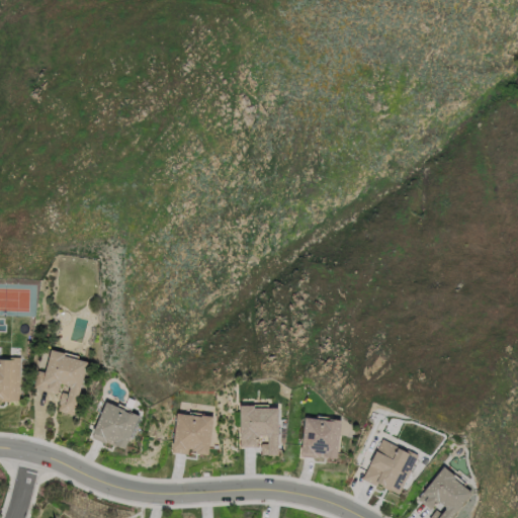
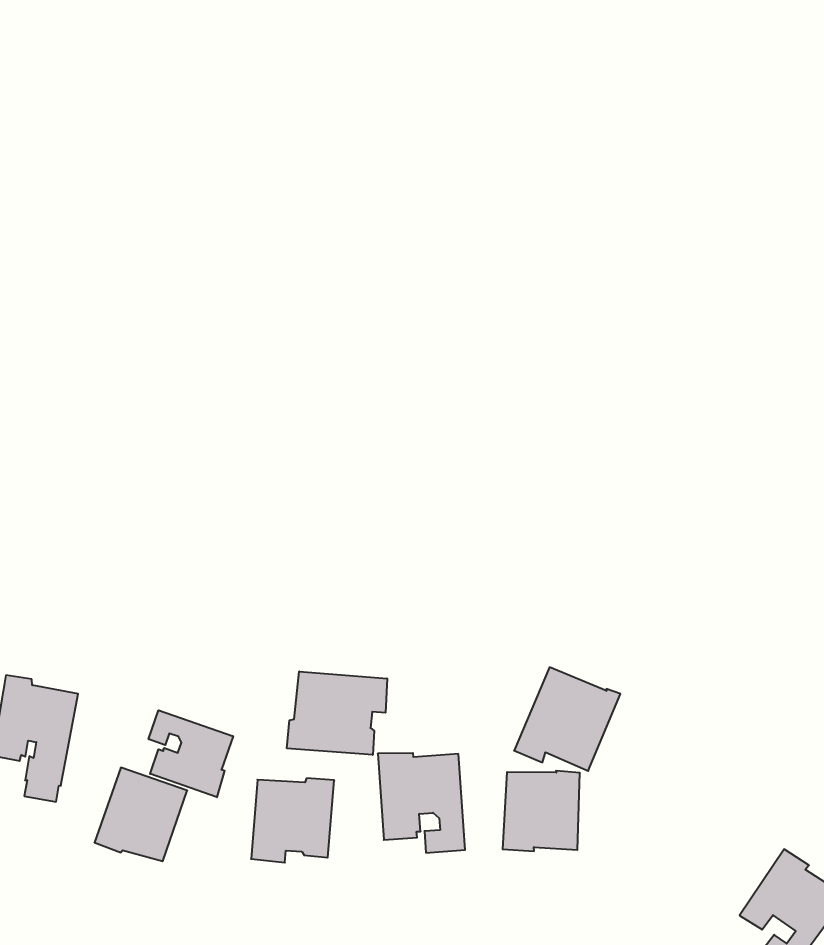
building: none -> [287,671,387,755]
building: none -> [149,710,233,797]
building: [362,439,419,494] -> [514,667,620,771]

